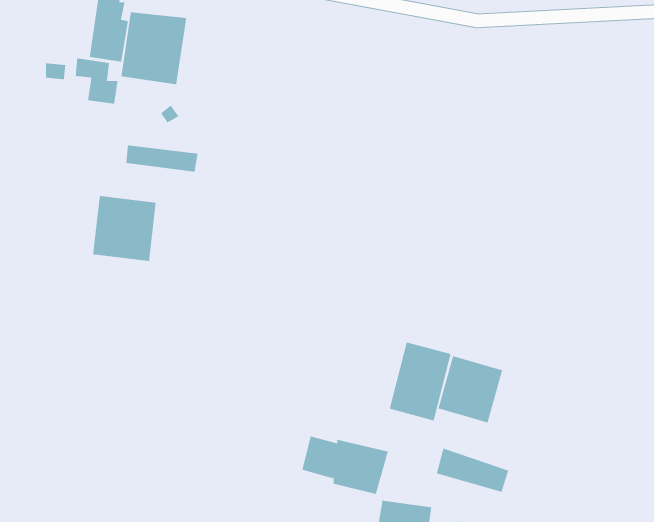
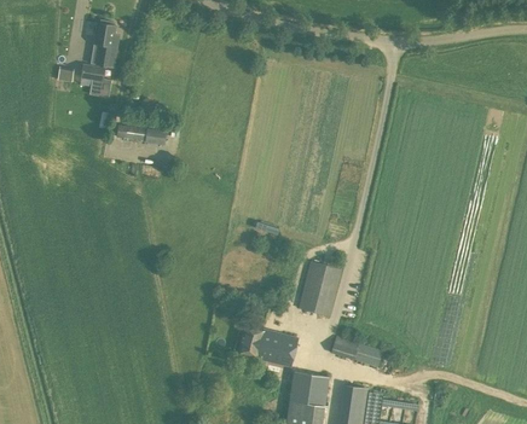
building: [121,11,187,85] -> none
building: [92,195,157,262] -> none
building: [437,355,503,423] -> none

